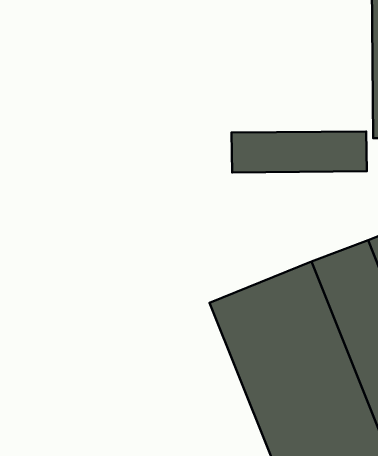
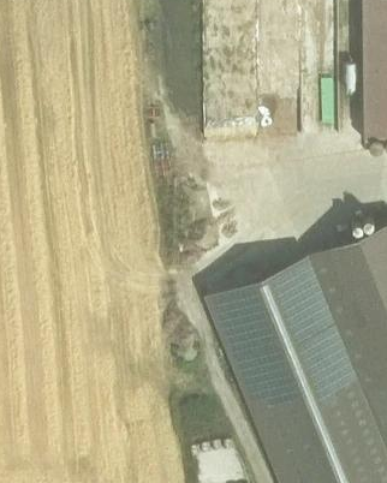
building: [232,132,367,172] -> none

